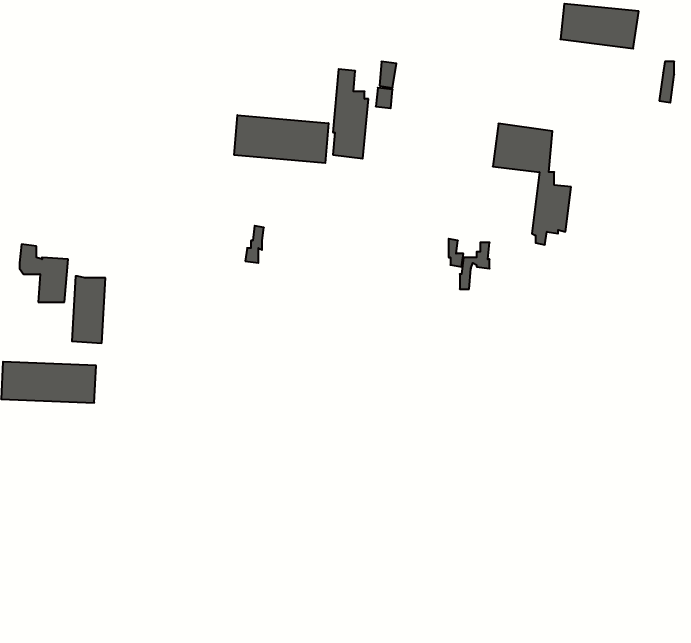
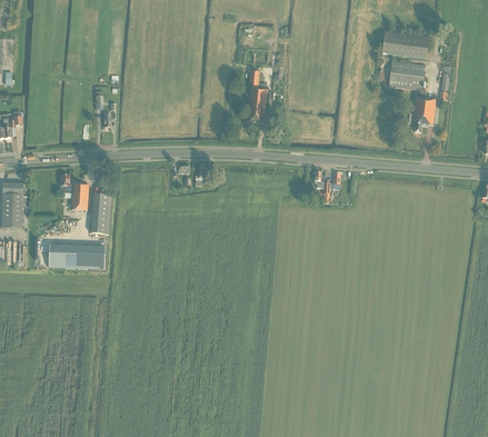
building: [234,115,328,163] -> none
building: [493,124,571,245] -> [388,59,435,131]

